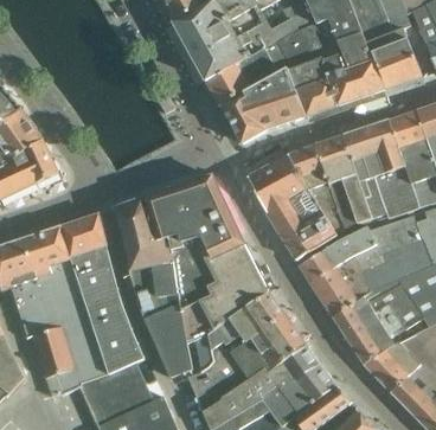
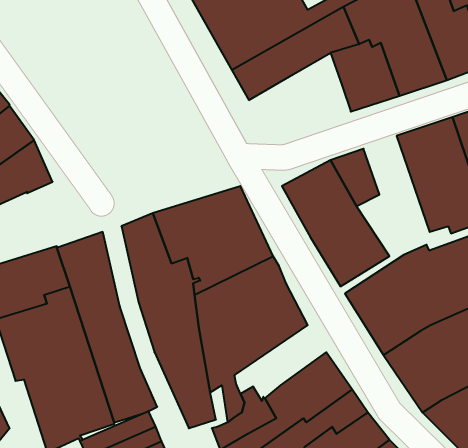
building: [220,66,304,142] -> none
building: [315,135,371,225] -> none
building: [209,291,284,354] -> none

